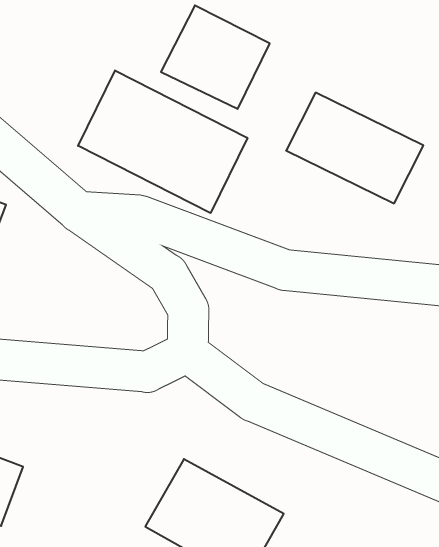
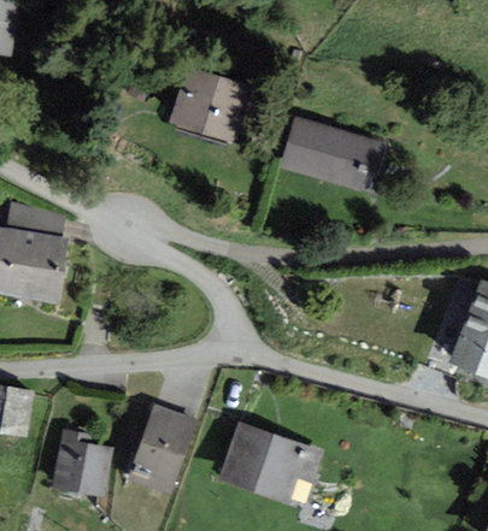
building: [78,70,247,213] -> none
building: none -> [128,405,196,494]

